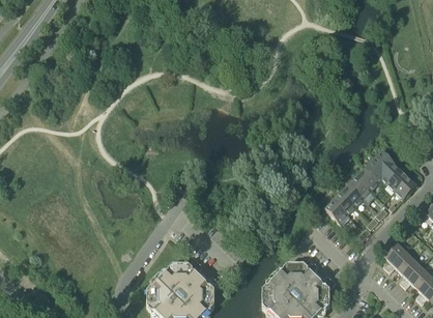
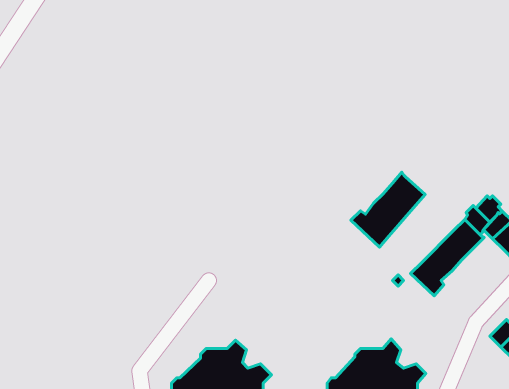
building: none -> [351,172,425,247]

